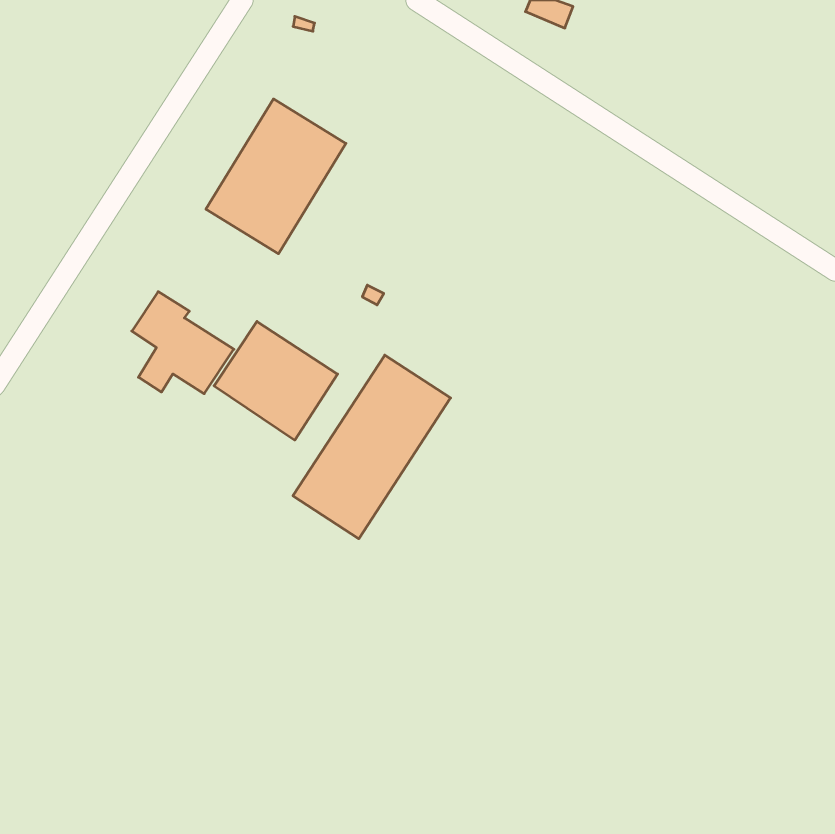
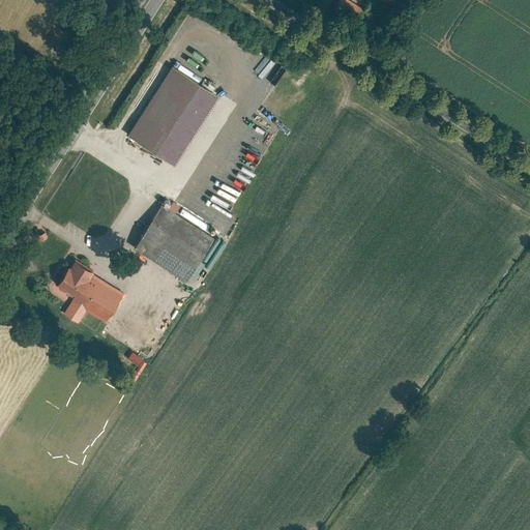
building: [132,292,234,394] -> [59,261,123,325]
building: [293,355,451,539] -> none

